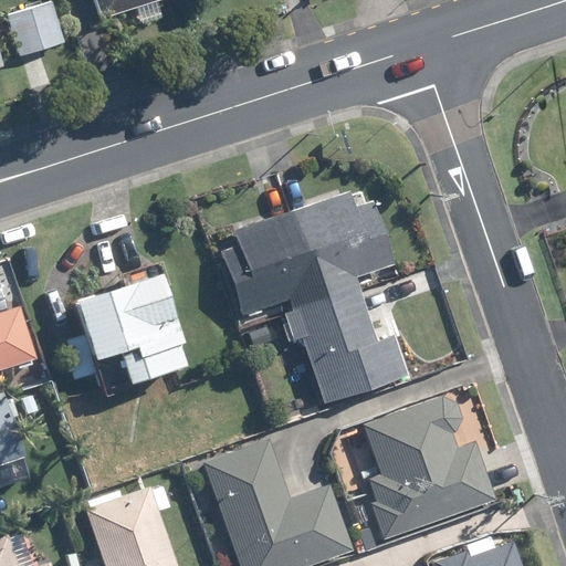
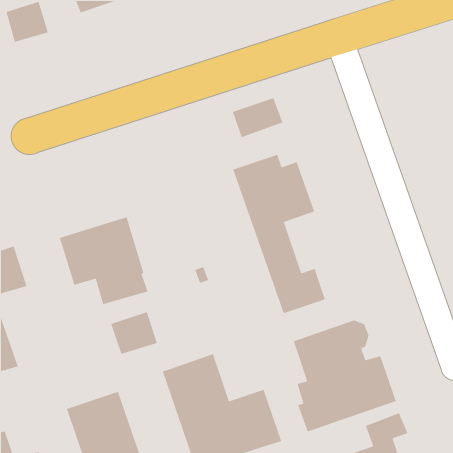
building: none -> [232,97,284,138]
building: [221,212,354,402] -> none
building: none -> [110,311,158,355]

